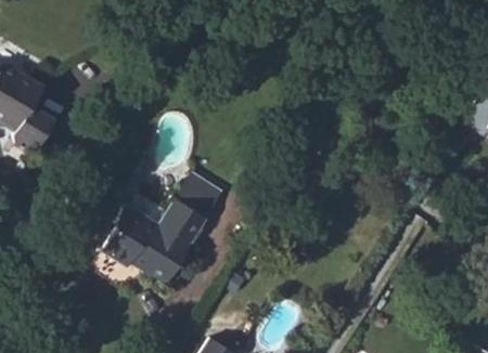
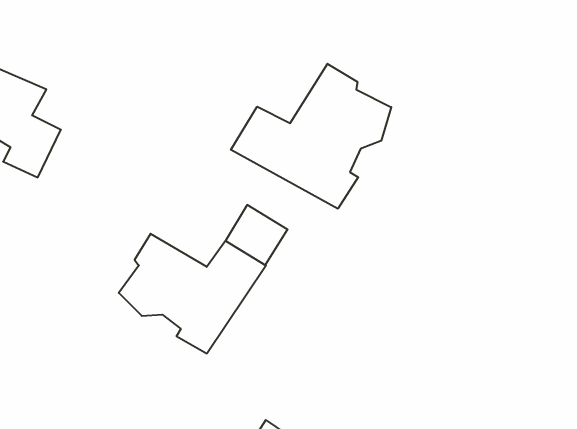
building: none -> [231,64,391,209]

